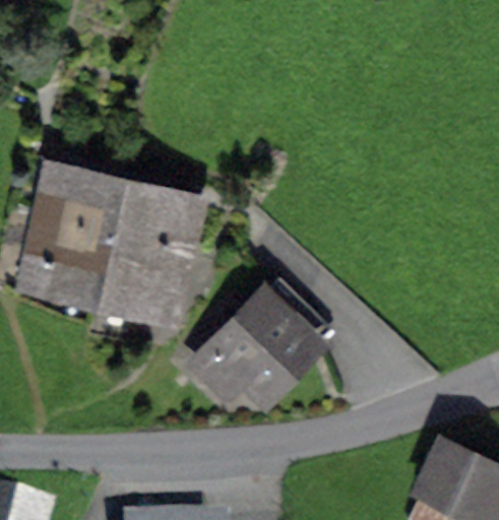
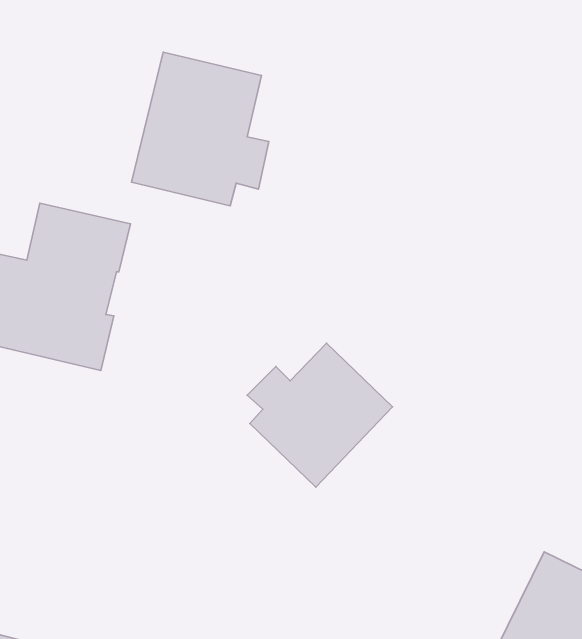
building: none -> [132,52,269,206]
building: [98,192,198,322] -> none

